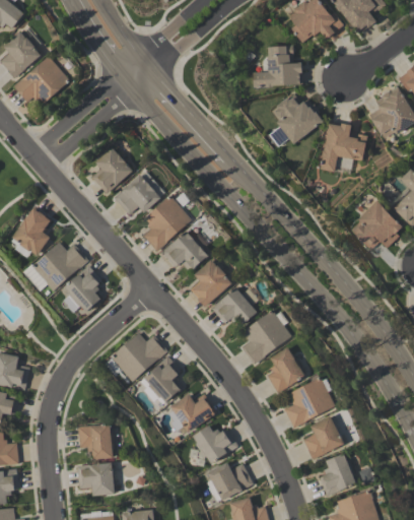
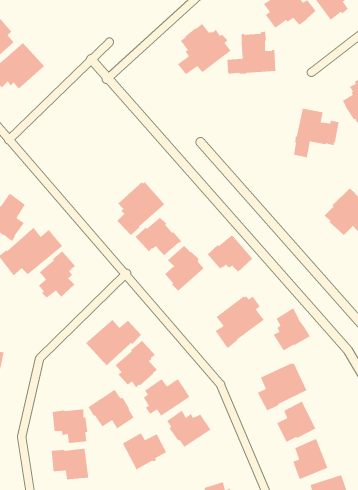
building: [268,93,323,146] -> [177,23,231,75]
building: [90,148,132,194] -> none
building: [113,175,159,215] -> none
building: [210,287,257,326] -> [207,234,253,273]
building: [266,347,304,392] -> [272,307,311,352]
building: none -> [88,389,135,430]
building: [207,463,253,502] -> [122,432,167,471]

